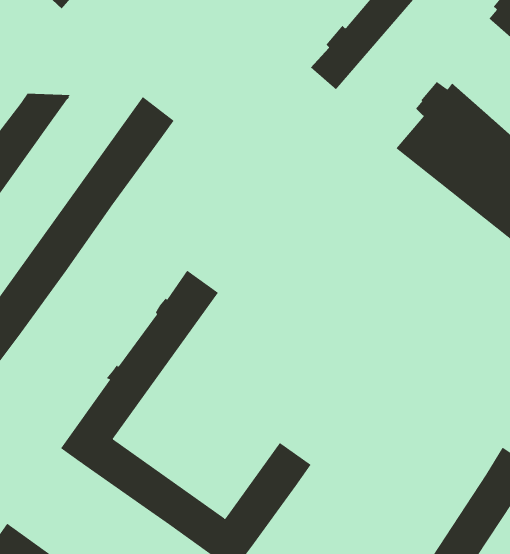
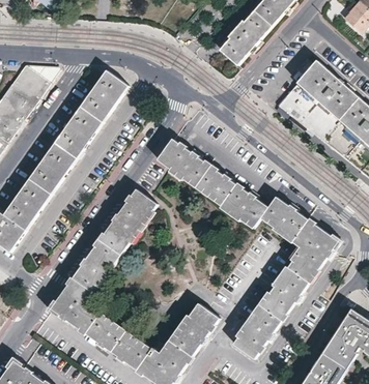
building: none -> [157,138,337,357]

